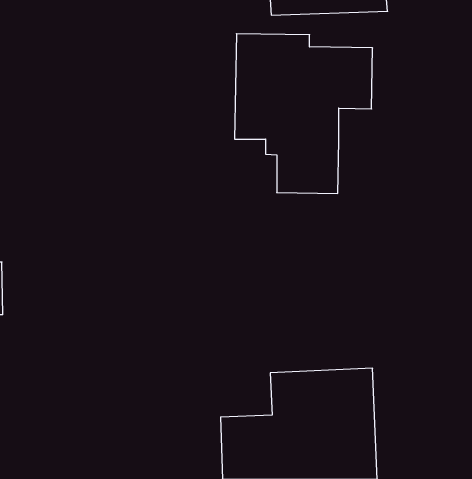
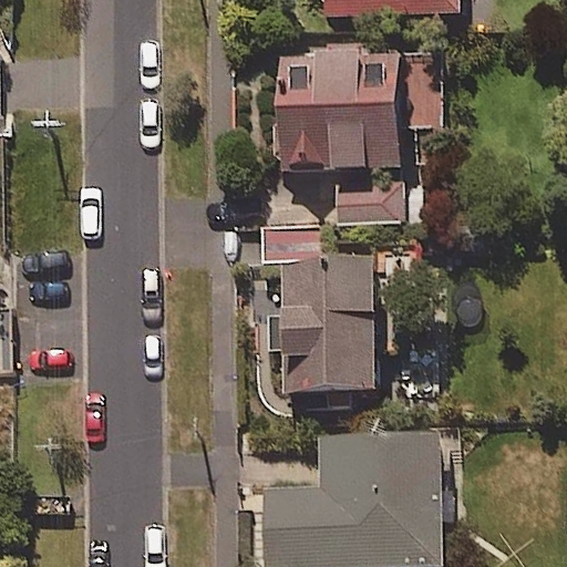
building: none -> [251,226,375,393]

